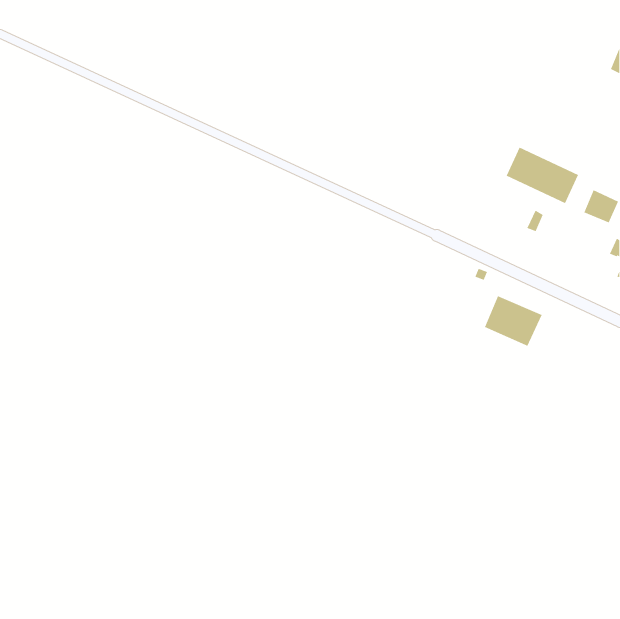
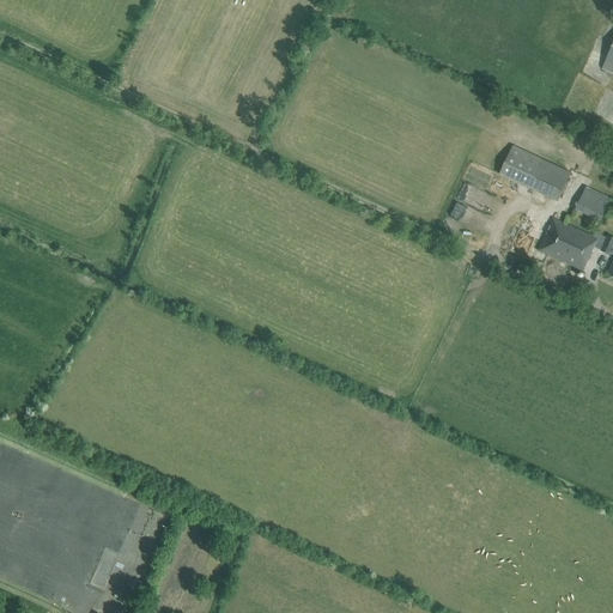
building: [484,295,542,346] -> [540,219,597,269]

